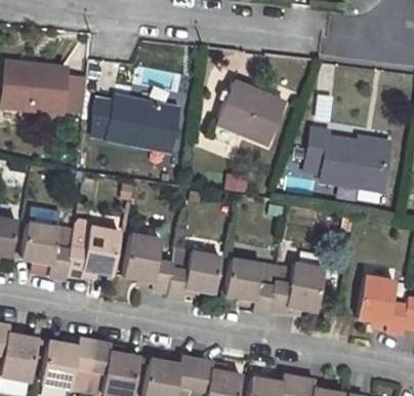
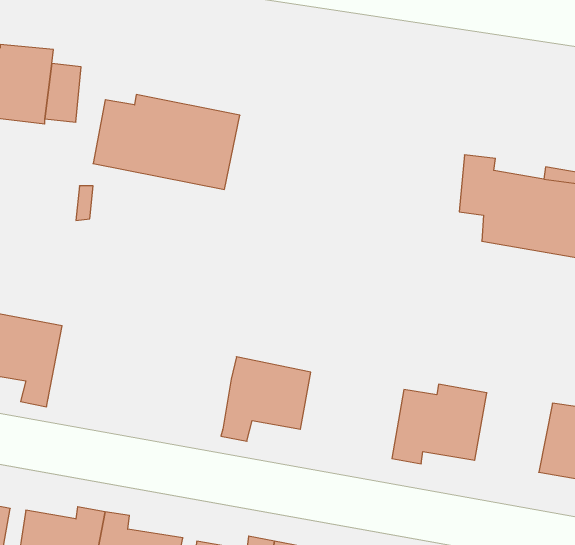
building: [218,80,285,142] -> none
building: [65,221,121,277] -> none
building: [123,235,173,292] -> none
building: [223,261,276,315] -> none

